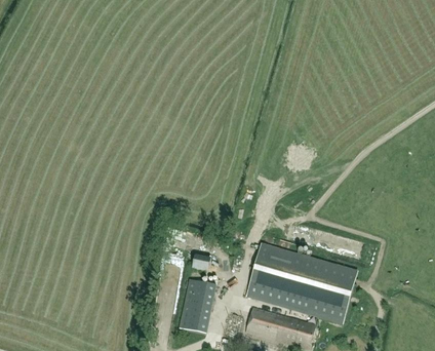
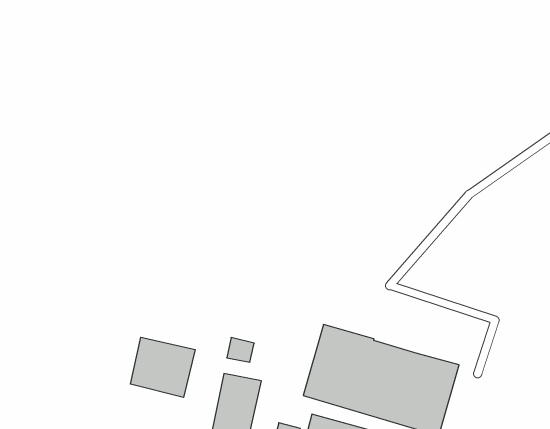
building: none -> [131,337,195,397]

